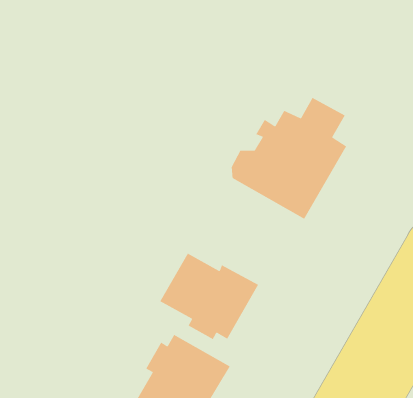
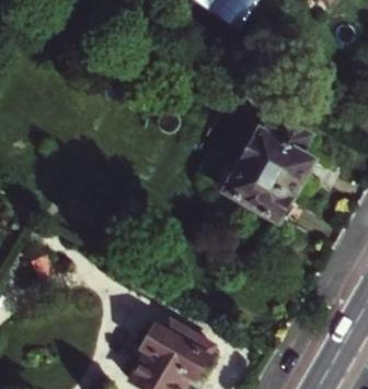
building: [159,252,259,340] -> none

